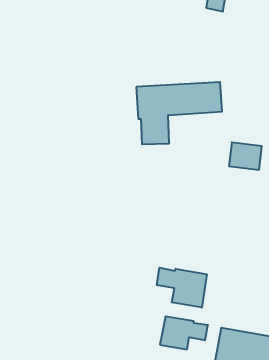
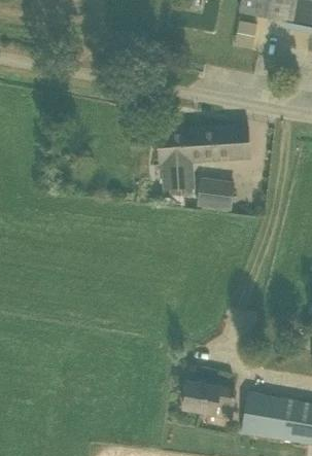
building: [229,142,262,170] -> [198,179,234,209]
building: [157,268,207,308] -> none

